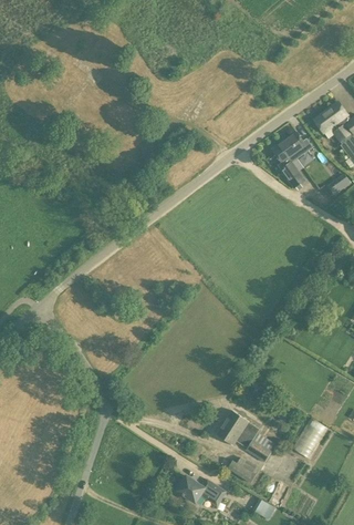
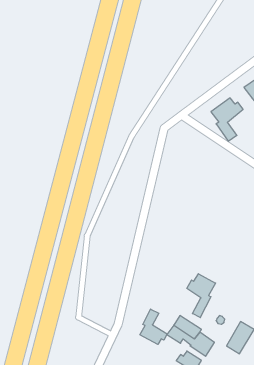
building: none -> [187,274,216,318]
building: none -> [140,309,167,344]

